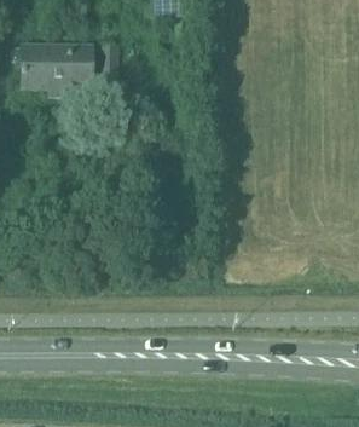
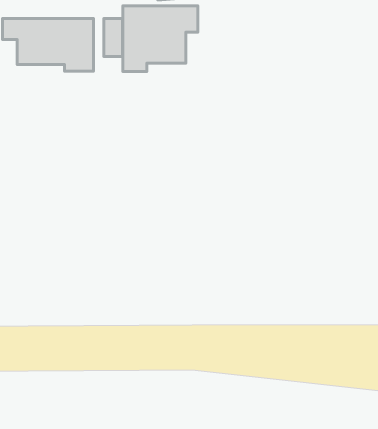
building: none -> [123,6,198,71]

